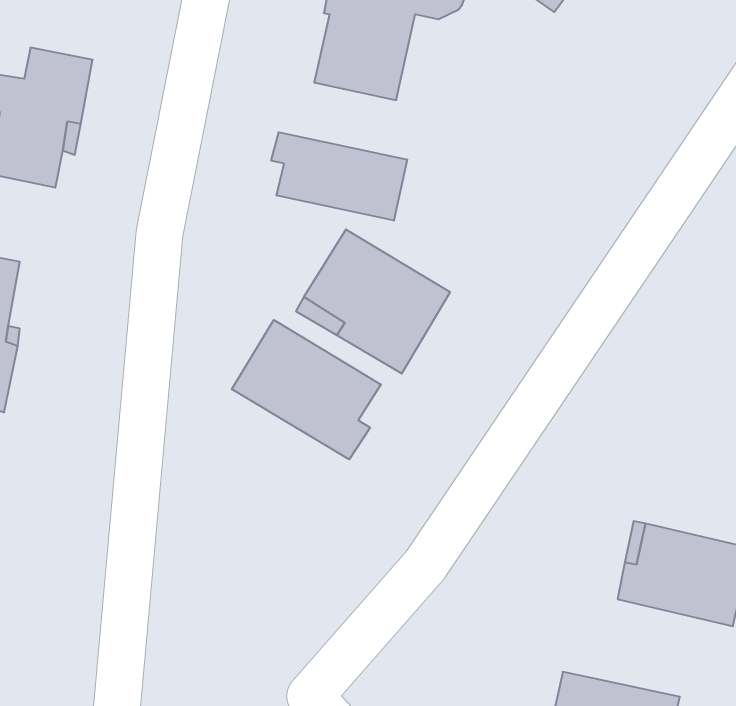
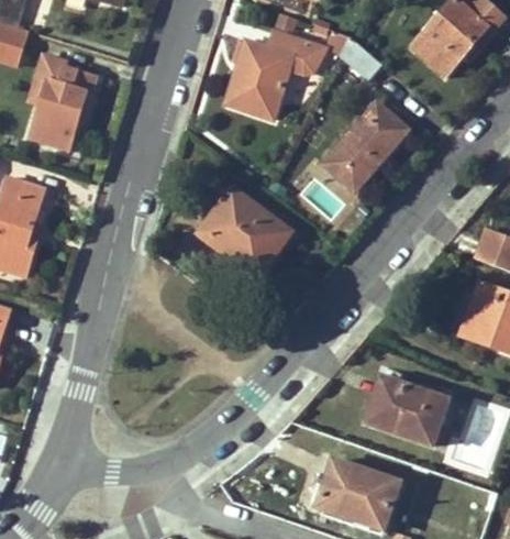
building: none -> [324,103,407,188]
building: [271,132,407,221] -> none
building: [232,320,381,459] -> none

